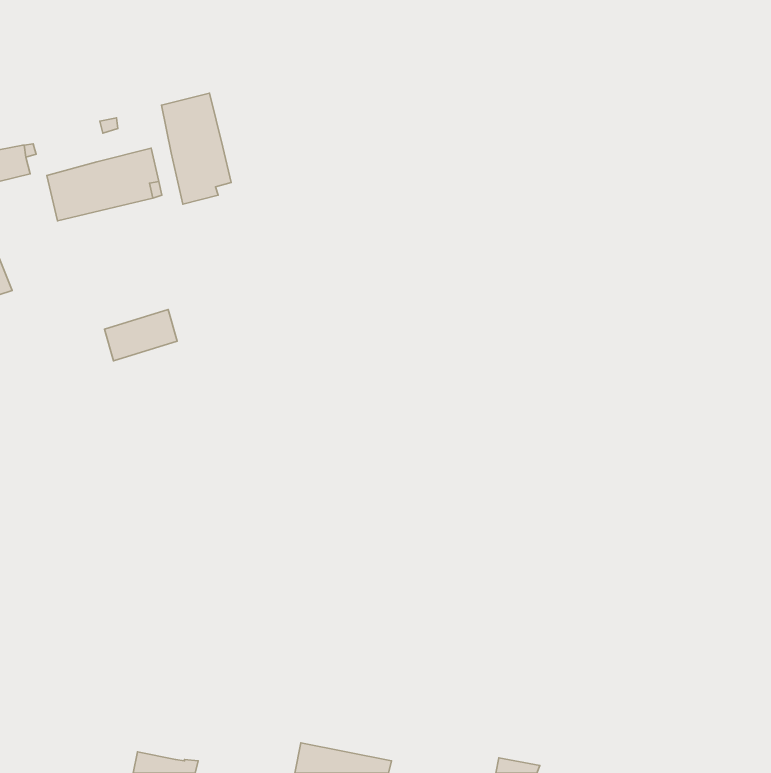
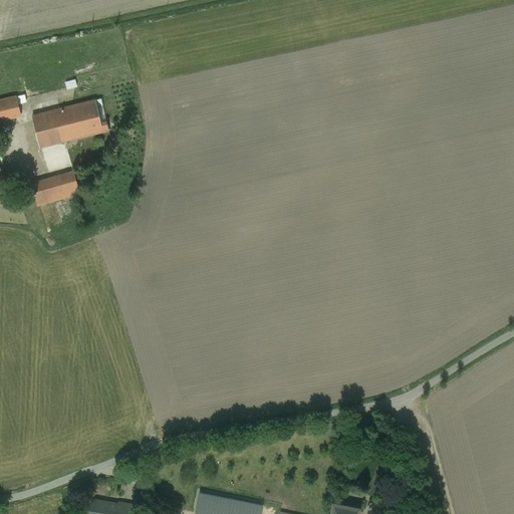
building: [161,93,231,204] -> none
building: [105,310,177,361] -> [30,171,78,205]

